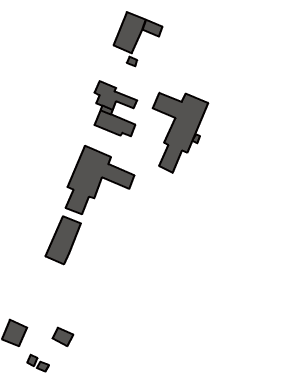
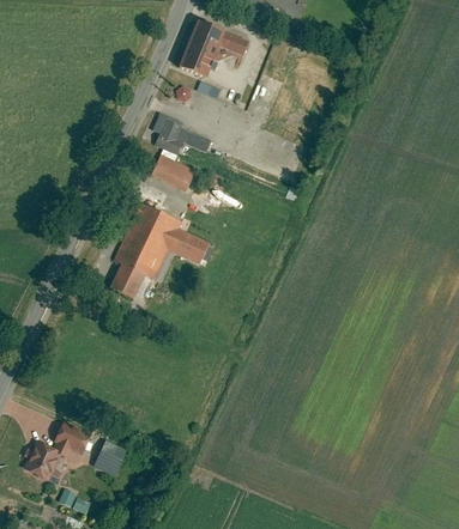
building: [153,93,208,173] -> none
building: [46,216,81,264] -> none
building: none -> [55,424,87,455]

